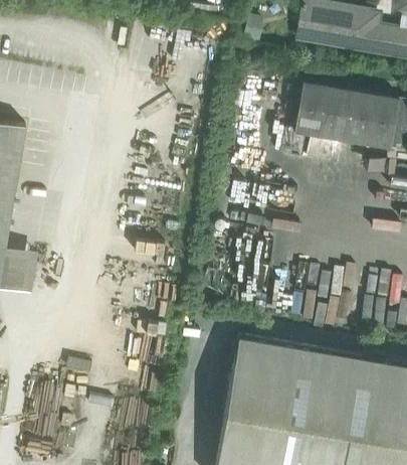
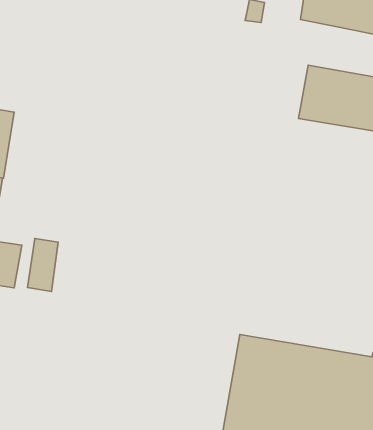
building: none -> [27,238,58,292]

